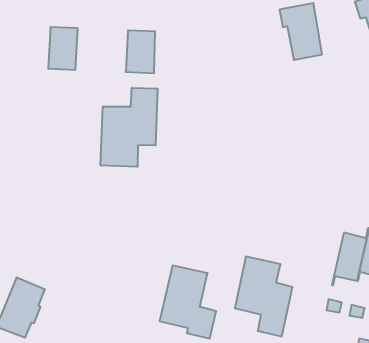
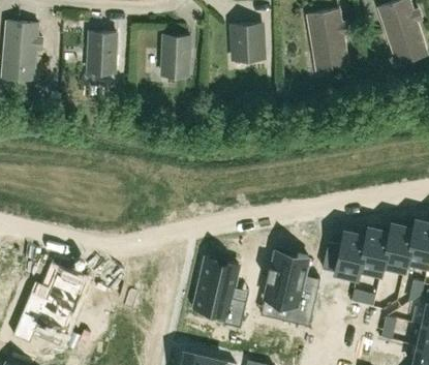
building: none -> [232,25,263,61]
building: [100,88,158,167] -> none
building: none -> [321,227,368,277]

